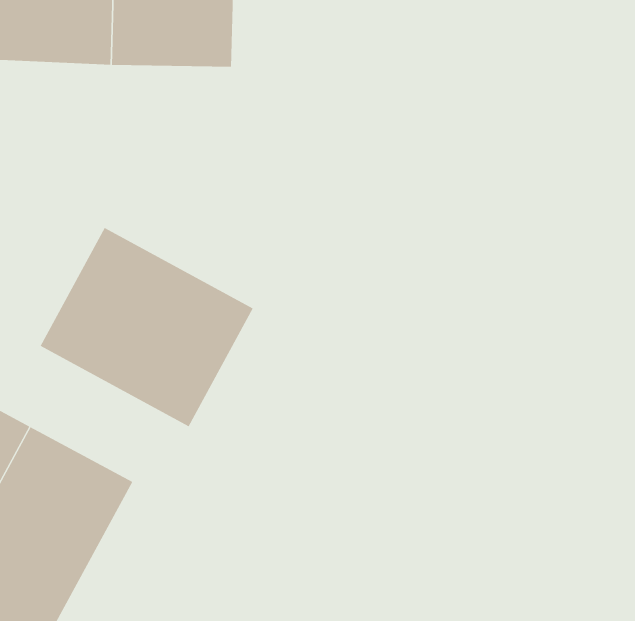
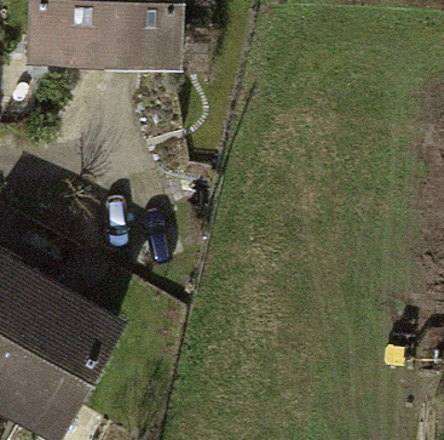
building: [40,227,254,427] -> none

